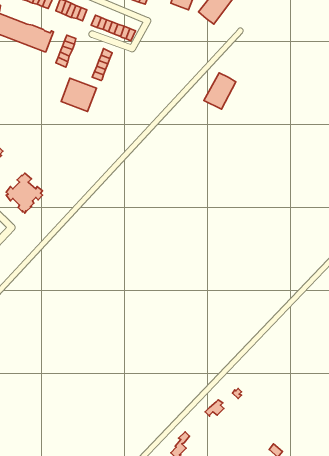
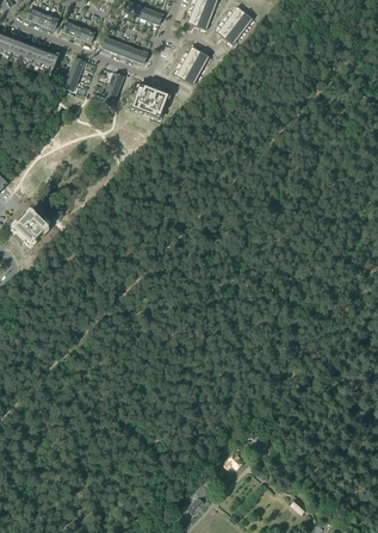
building: [204,73,236,109] -> [174,45,209,85]
building: [61,78,96,111] -> [129,83,167,119]

